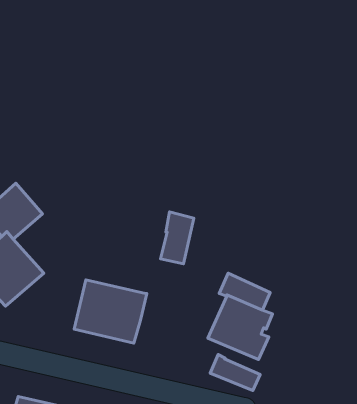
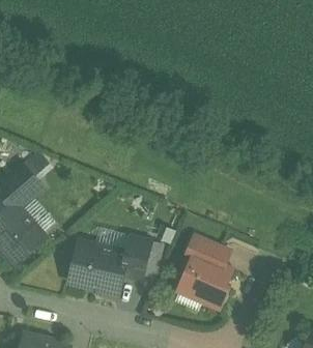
building: [161,212,194,264] -> [123,236,150,279]
building: [210,354,260,391] -> none

